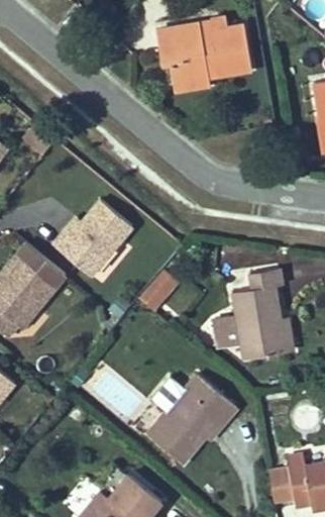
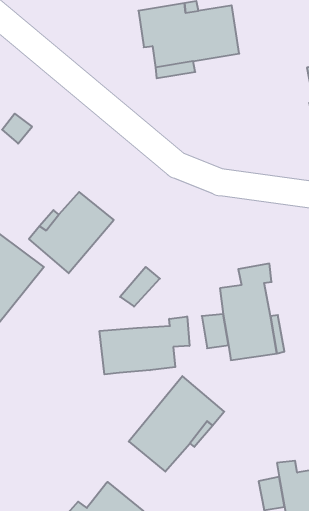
building: none -> [100,316,189,374]

